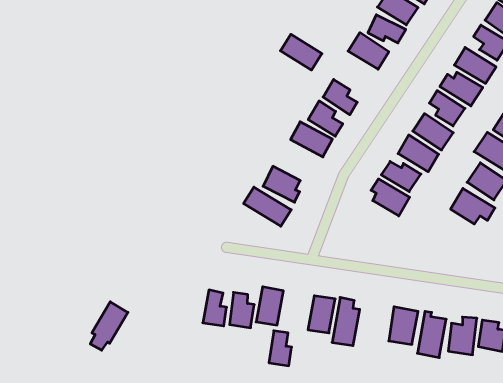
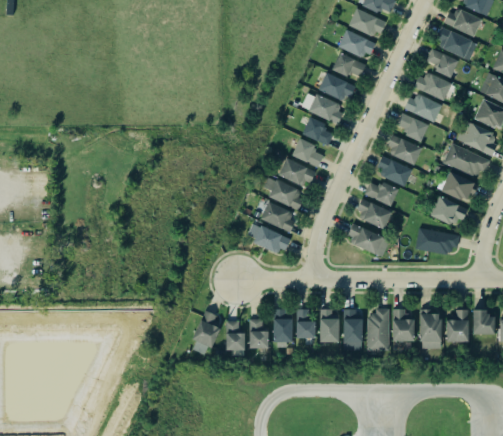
building: [280,34,322,70] -> [308,95,345,124]
building: none -> [264,175,303,211]
building: none -> [346,223,391,257]
building: none -> [416,229,460,254]
building: [90,302,128,350] -> [193,310,222,354]
building: none -> [368,309,390,351]
building: [269,331,292,366] -> [297,309,315,338]

